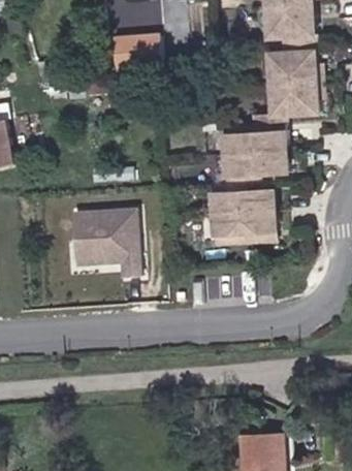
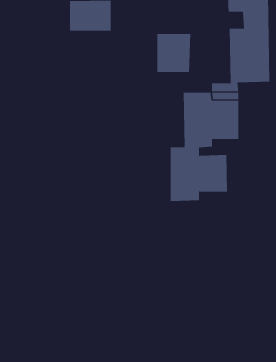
building: none -> [157,33,191,73]
building: [60,206,135,276] -> none

